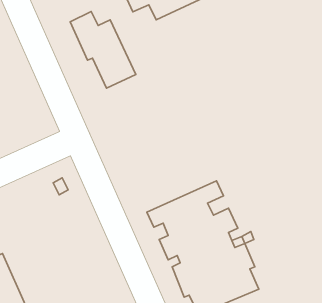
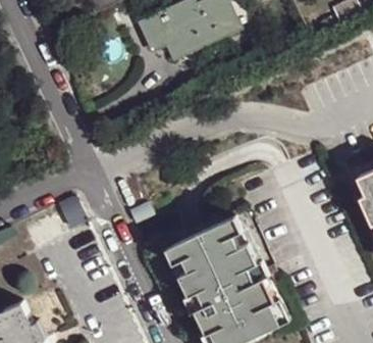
building: [70,12,136,88] -> none

